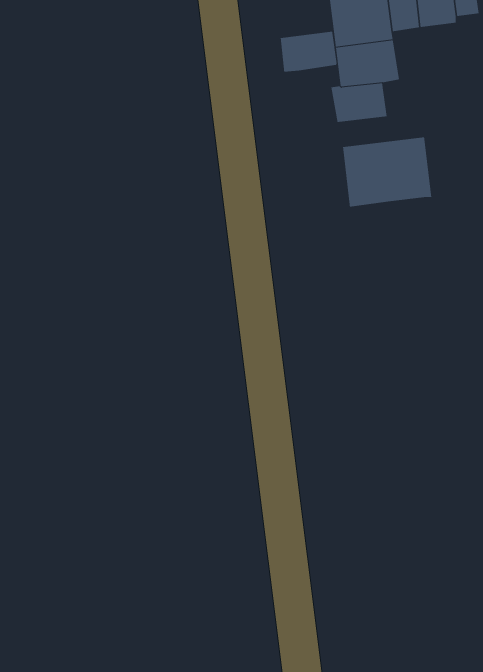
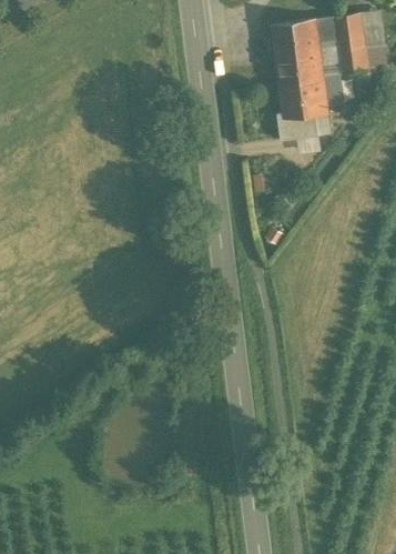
building: [280,31,337,72] -> none
building: [343,137,432,207] -> none

